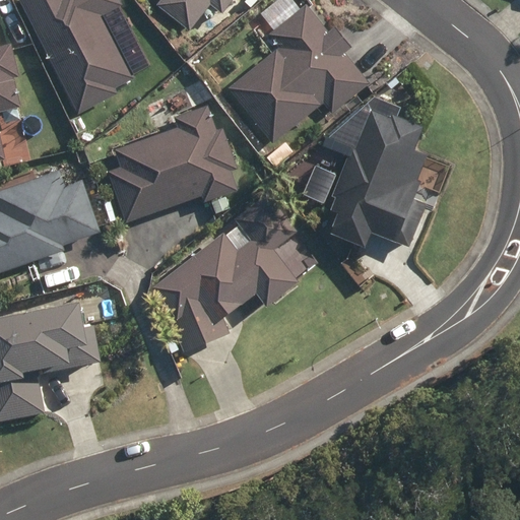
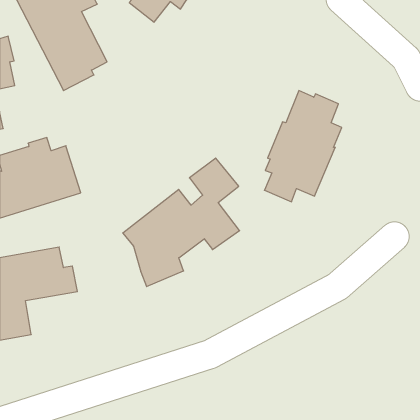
building: [231,6,370,140] -> none
building: [110,107,236,219] -> none

